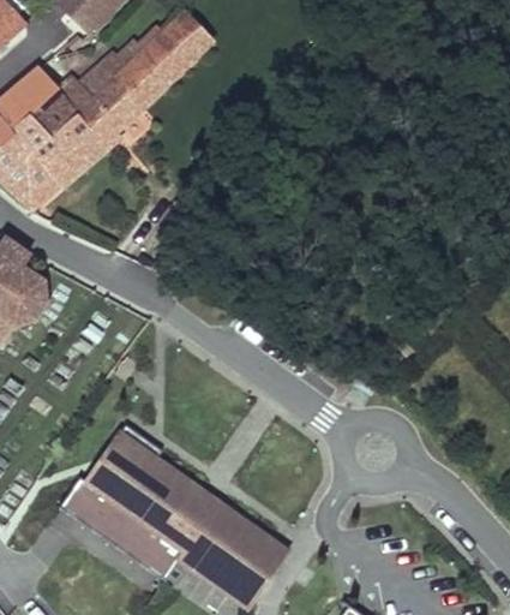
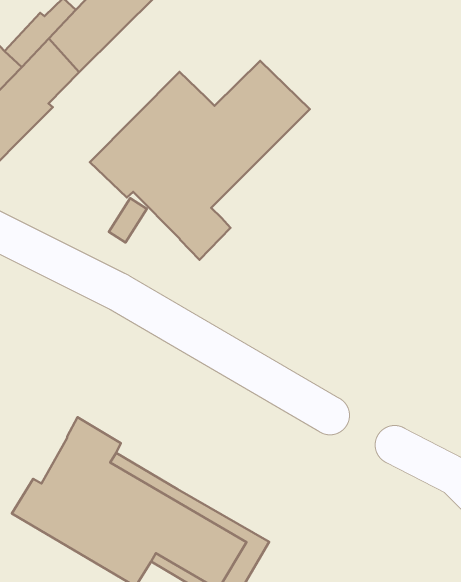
building: none -> [90,61,310,260]

